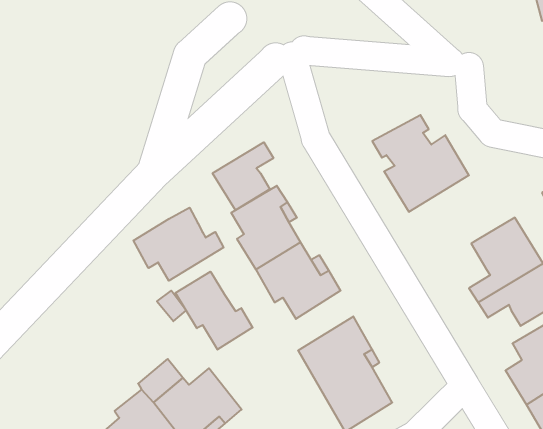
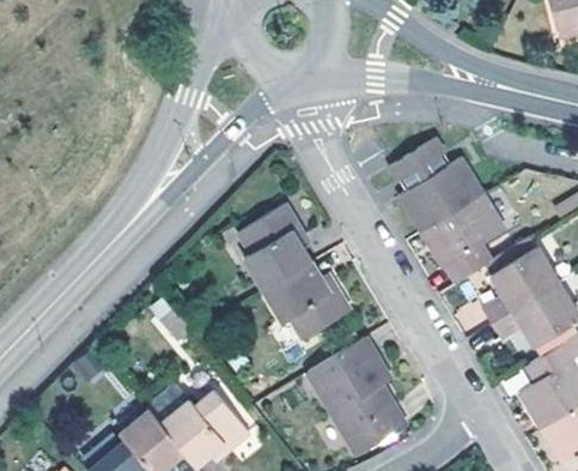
building: [213,142,273,210] -> none
building: none -> [420,193,504,280]
building: [133,208,224,281] -> none
building: [176,272,253,350] -> none

